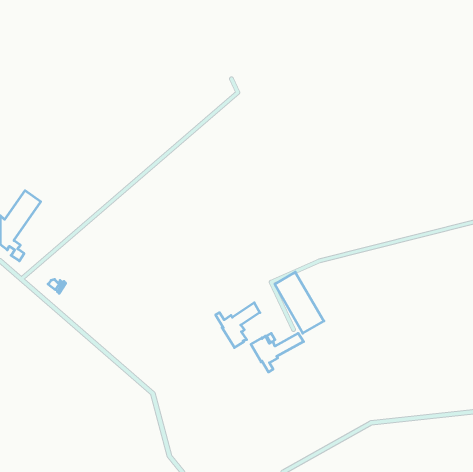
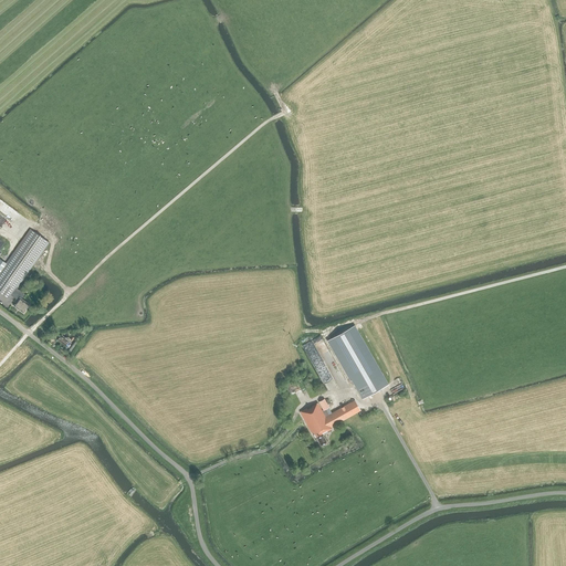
building: [216,303,260,348] -> none

